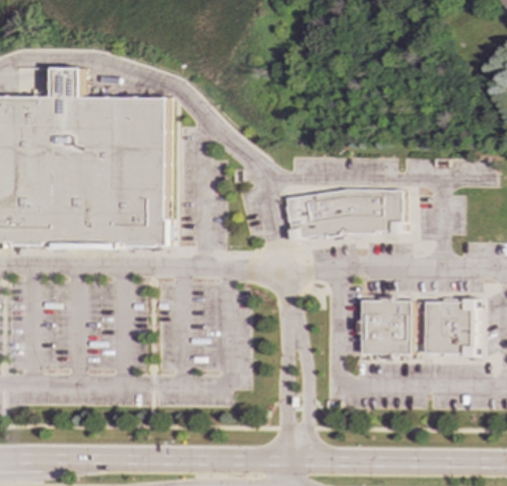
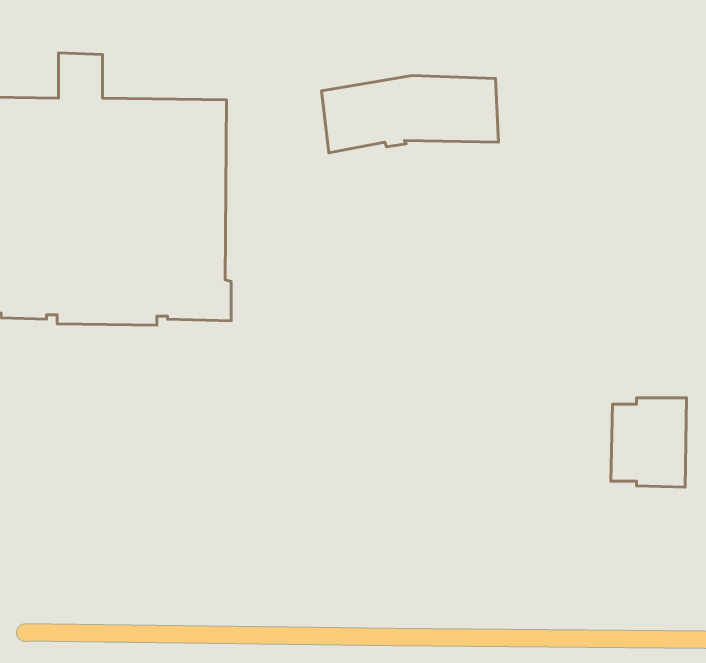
building: [286,188,404,239] -> [321,76,498,153]
building: [358,297,409,354] -> none

